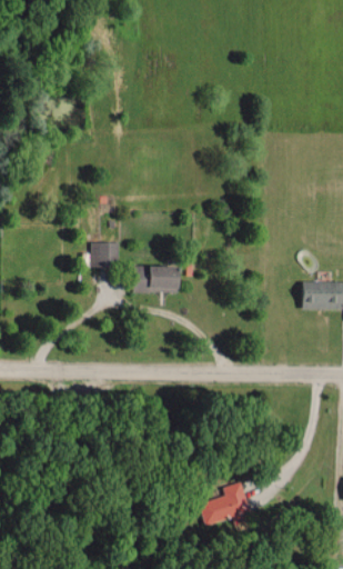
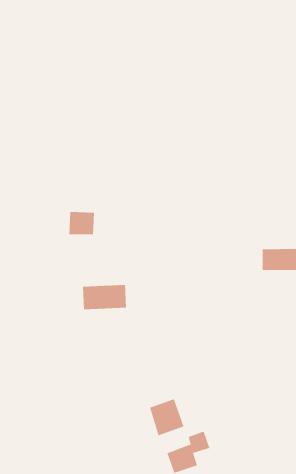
building: [133,266,182,293] -> [82,285,127,310]
building: none -> [149,398,184,436]

